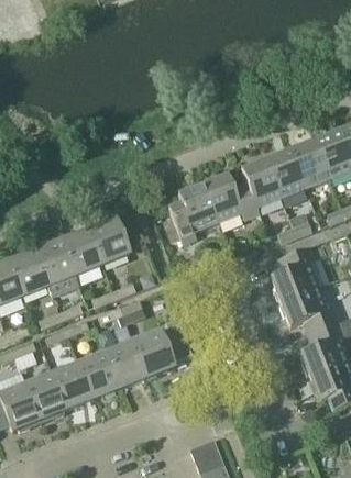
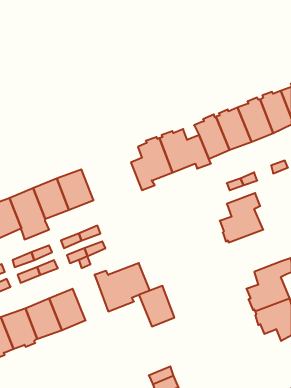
building: [278,286,339,333] -> none
building: [106,342,145,387] -> [139,286,174,326]

